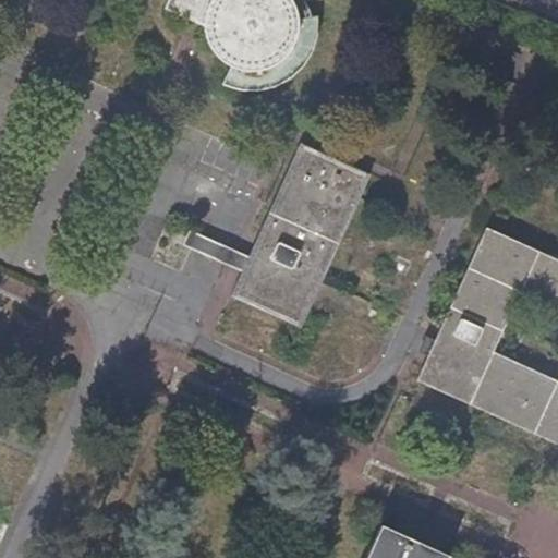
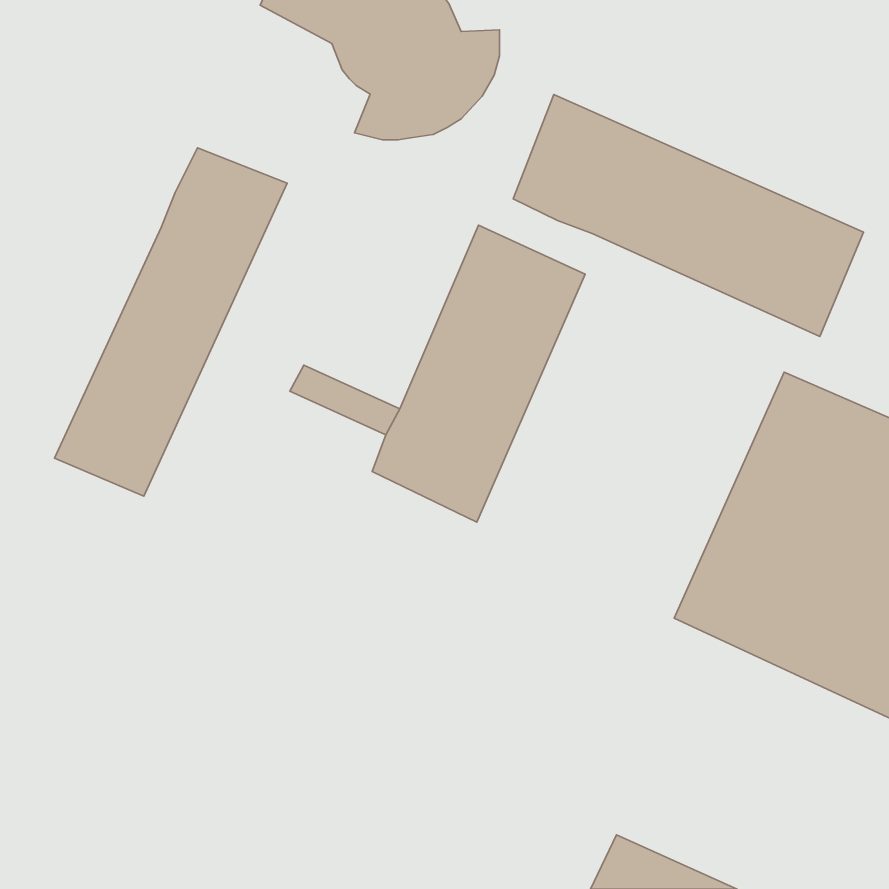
building: none -> [513,94,863,336]
building: none -> [55,148,287,496]

